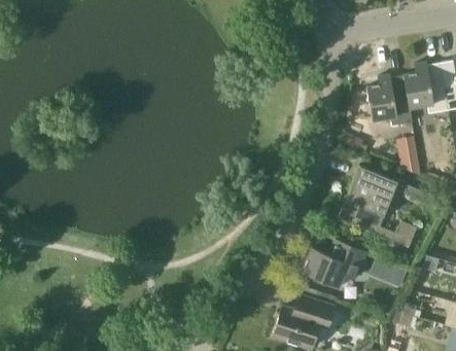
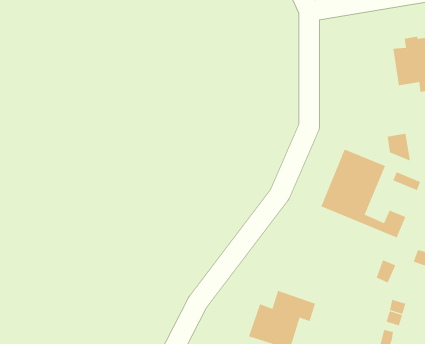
building: [365,74,412,127] -> none
building: [301,241,364,288] -> none

